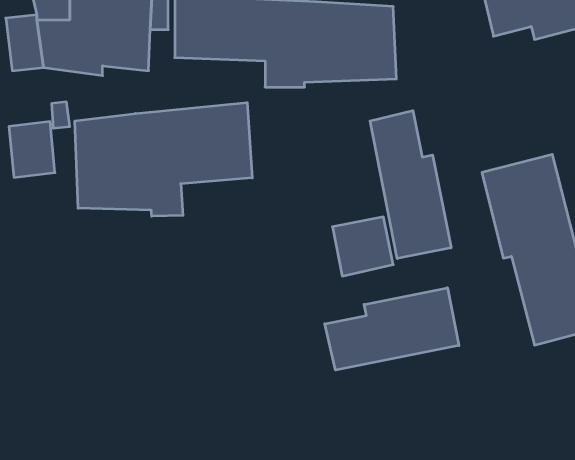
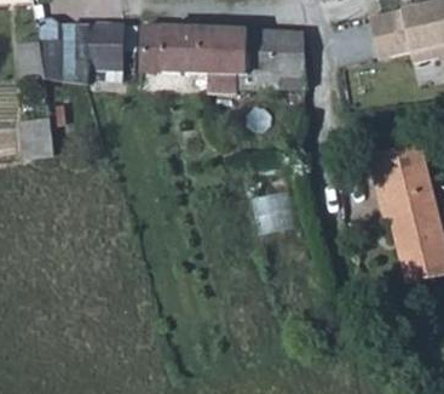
building: [75,103,252,216] -> none
building: [370,111,451,259] -> none
building: [325,288,459,370] -> none

